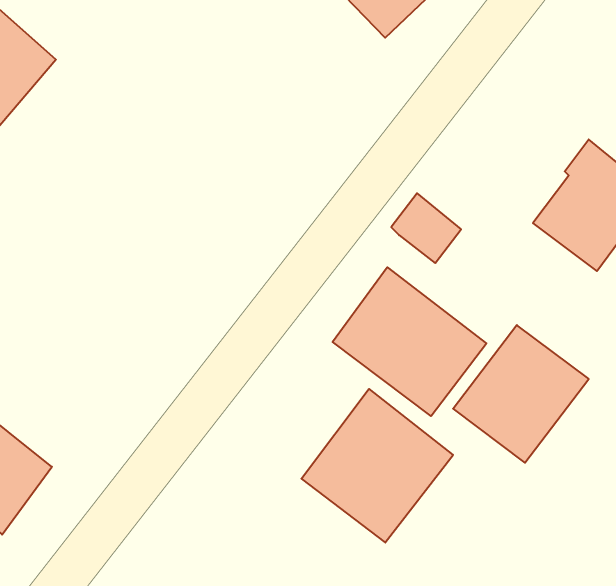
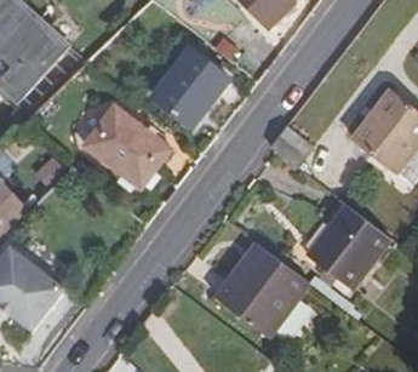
building: none -> [151,46,229,127]
building: none -> [85,105,168,187]
building: [333,267,486,416] -> none

